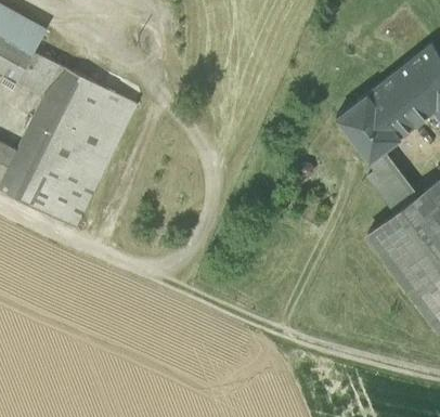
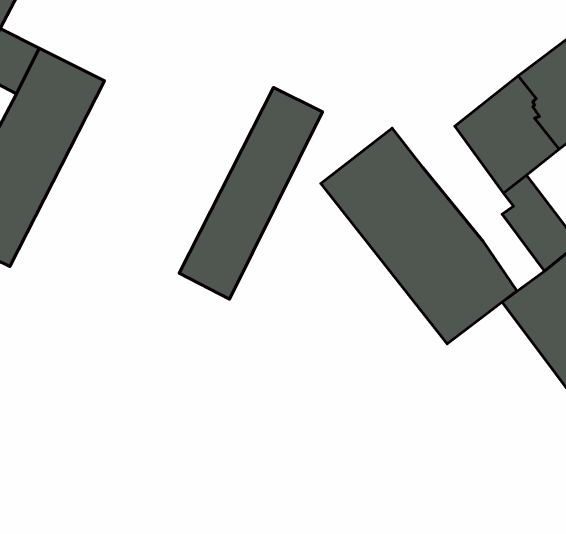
building: [40,87,135,227] -> [179,88,322,299]
building: none -> [321,128,517,344]

